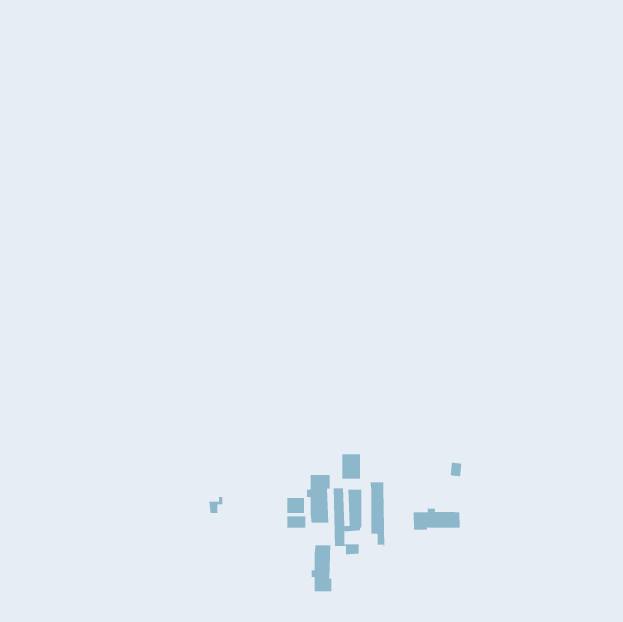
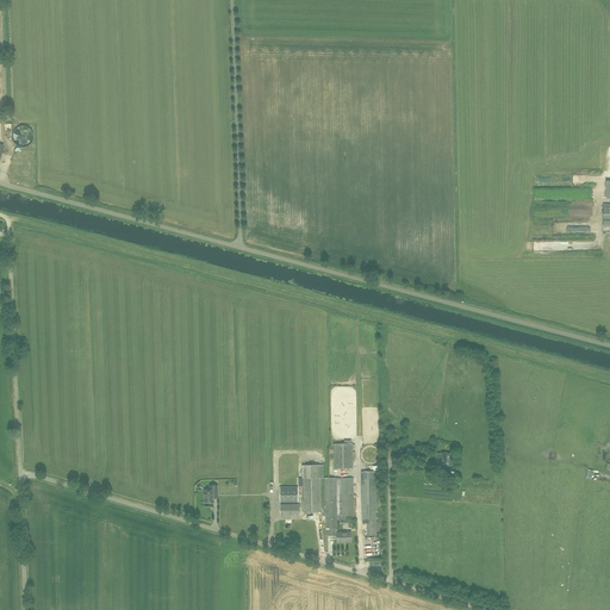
building: [413,508,460,531] -> none
building: [311,544,332,592] -> none

